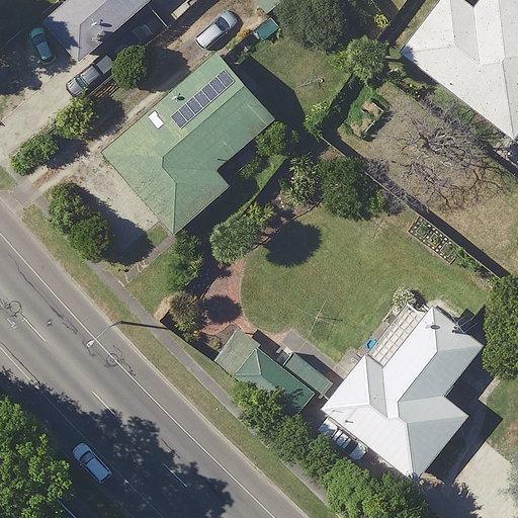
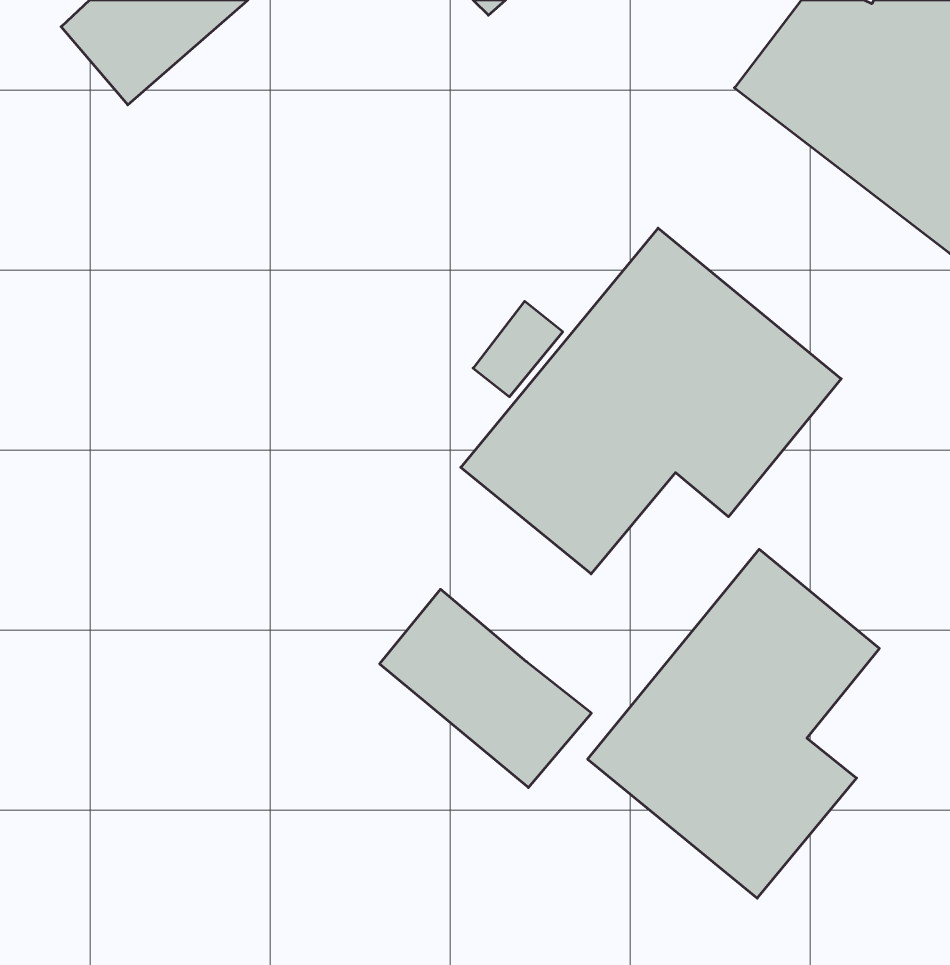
building: [103,40,273,233] -> none
building: none -> [461,228,841,574]

